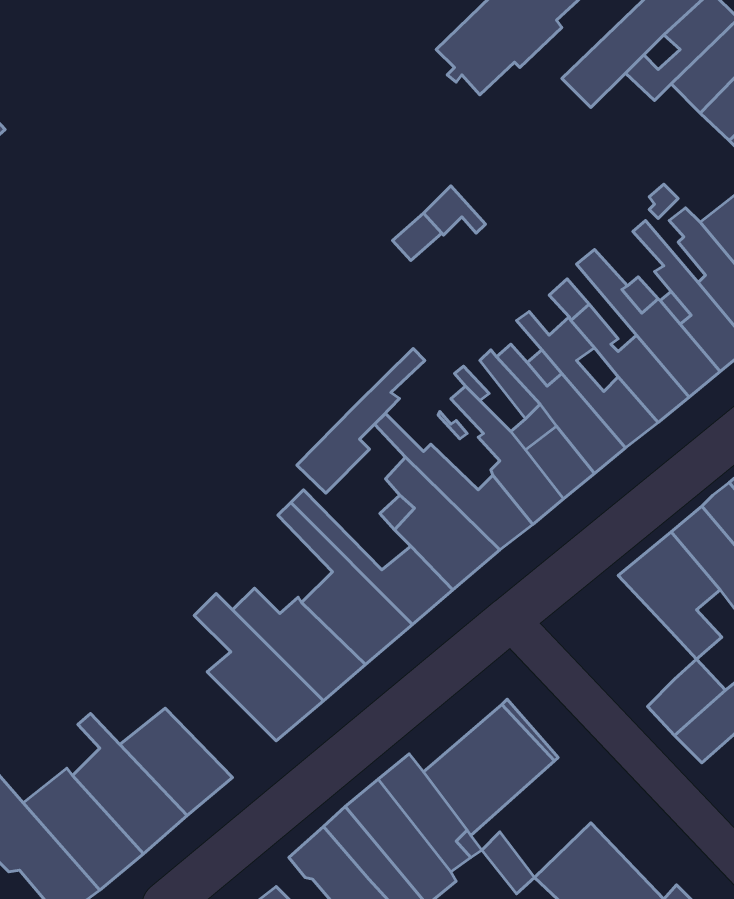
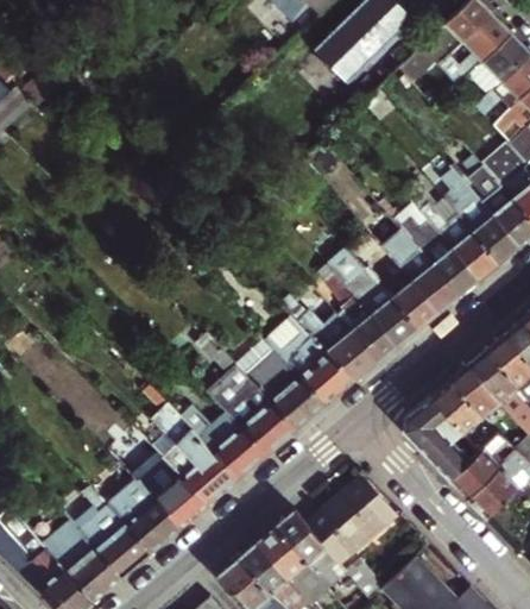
building: [297,348,425,493] -> none
building: none -> [404,395,469,481]
building: none -> [137,458,209,527]

